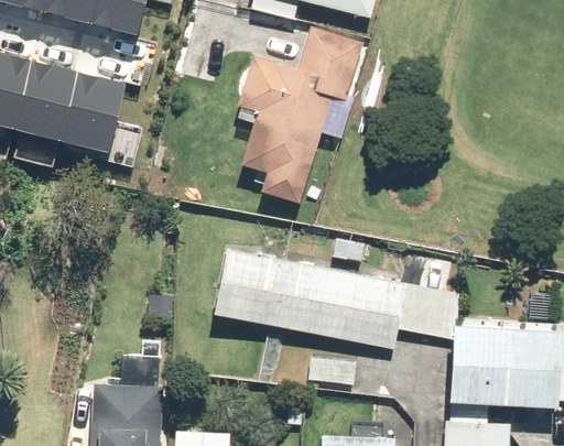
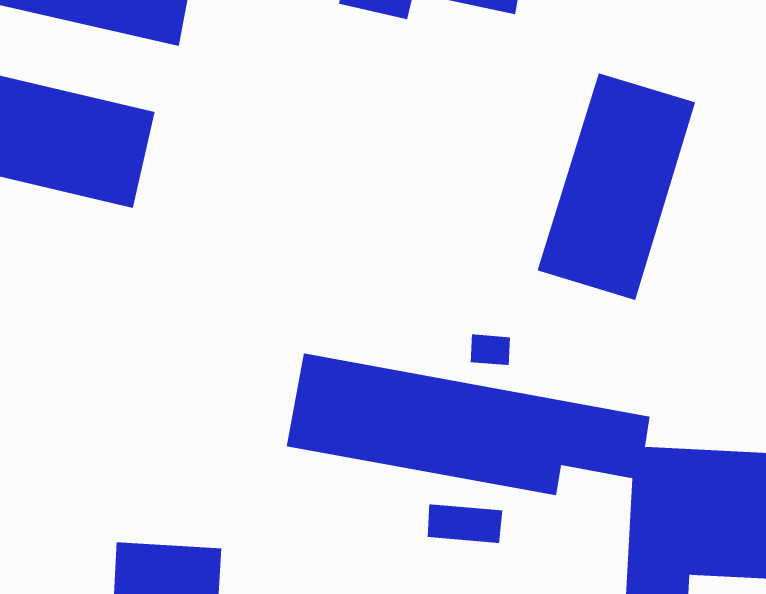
building: [238,28,366,204] -> none
building: none -> [537,72,696,301]

